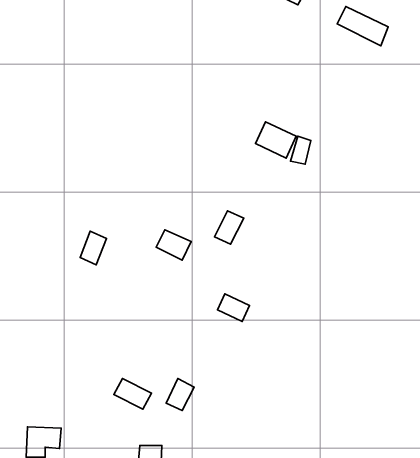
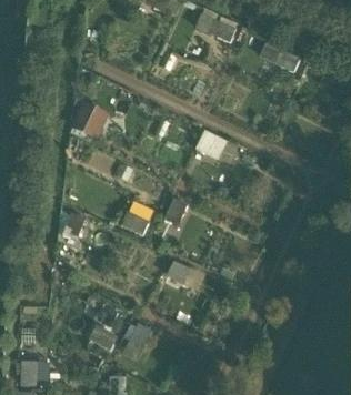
building: none -> [69,100,104,134]

